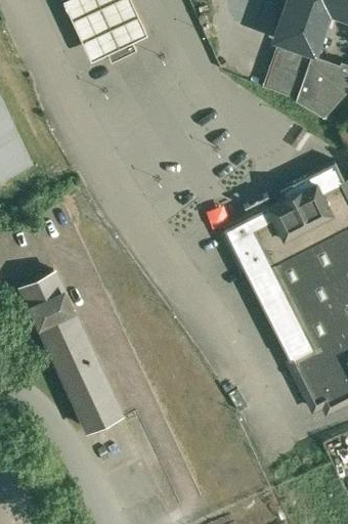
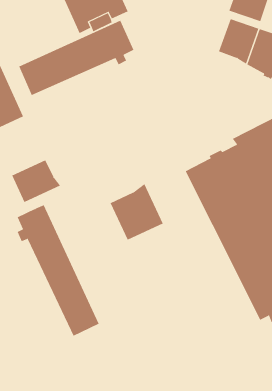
building: none -> [19,20,134,96]
building: none -> [11,159,61,203]
building: none -> [110,183,163,240]

